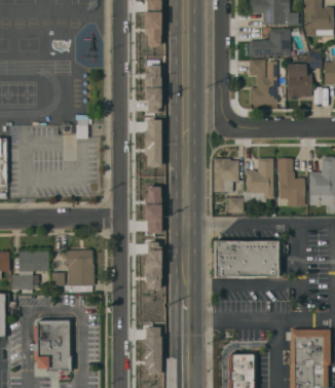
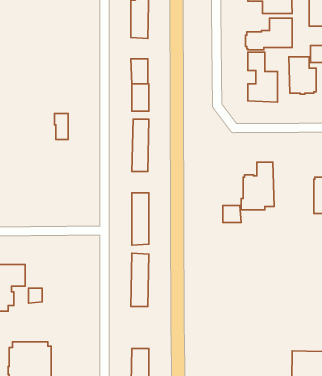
building: [214,158,238,191] -> none
building: [277,158,304,205] -> none
building: [214,240,284,277] -> none
building: [65,249,95,292] -> none

